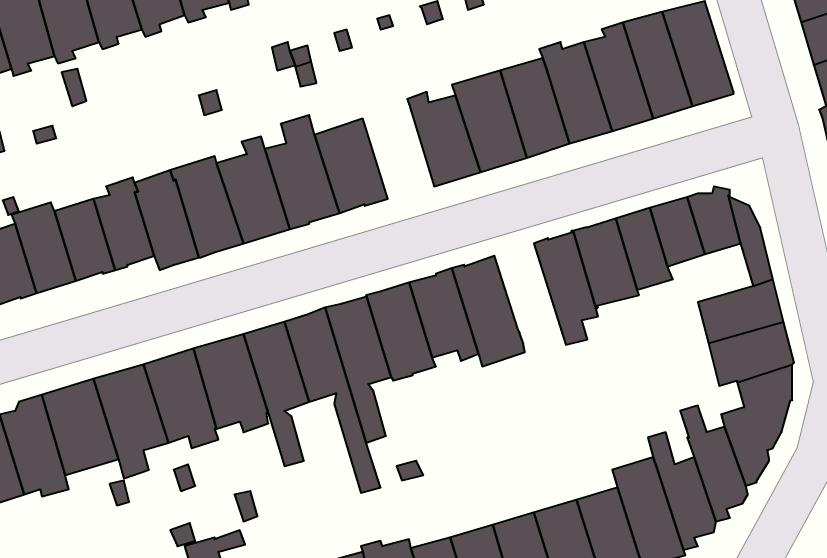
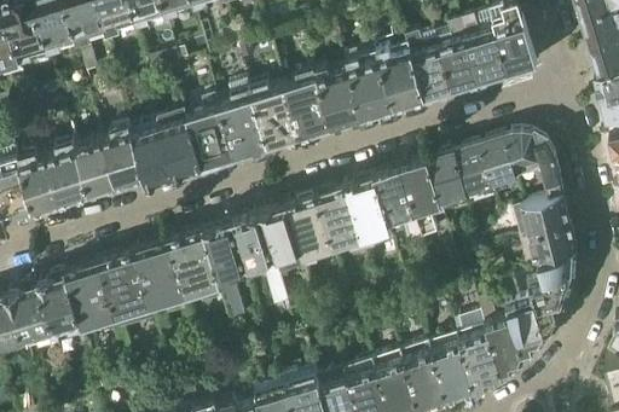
building: none -> [282,71,334,139]
building: none -> [375,169,423,243]

